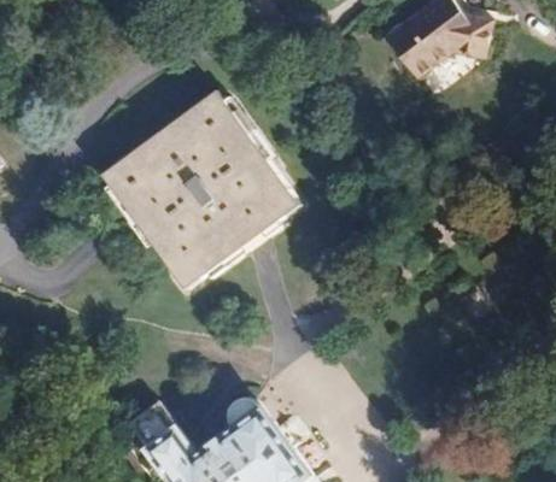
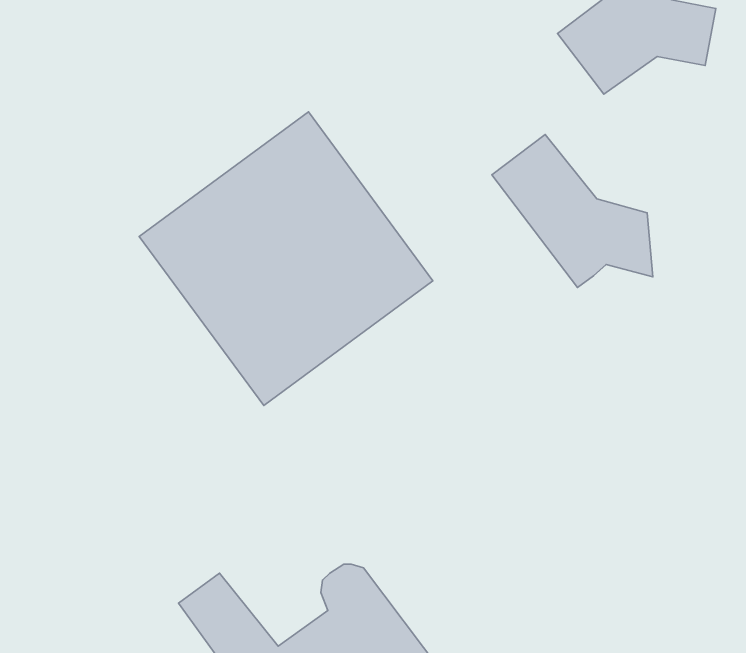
building: none -> [492,135,653,287]

